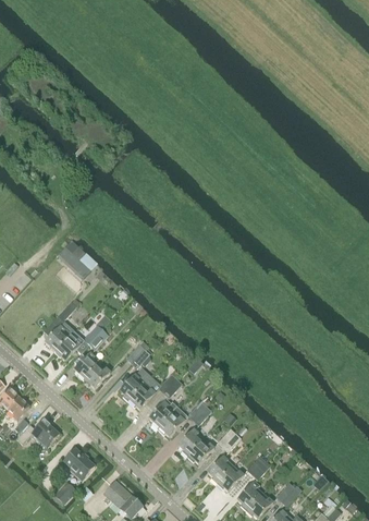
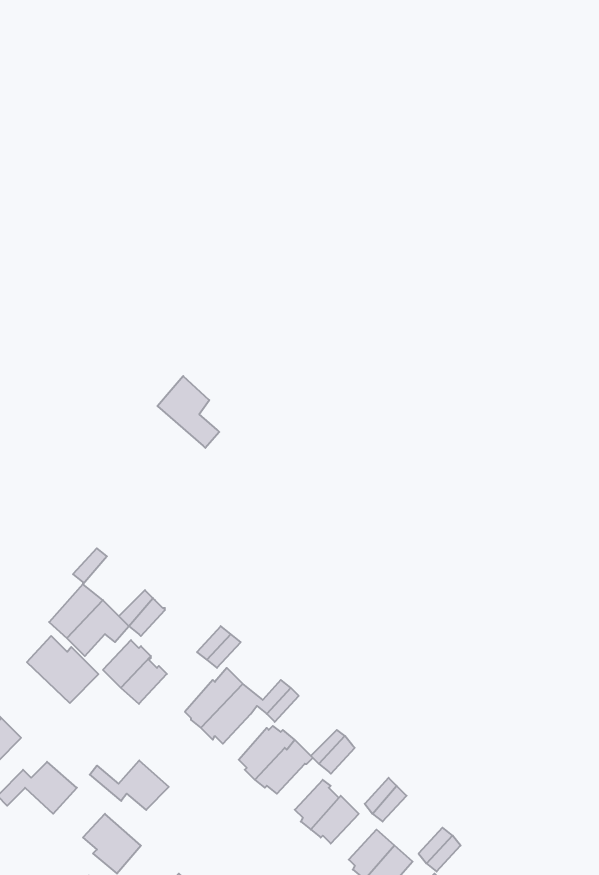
building: [58,239,91,278] -> [157,376,219,448]
building: none -> [27,636,98,703]
building: none -> [90,760,169,810]

